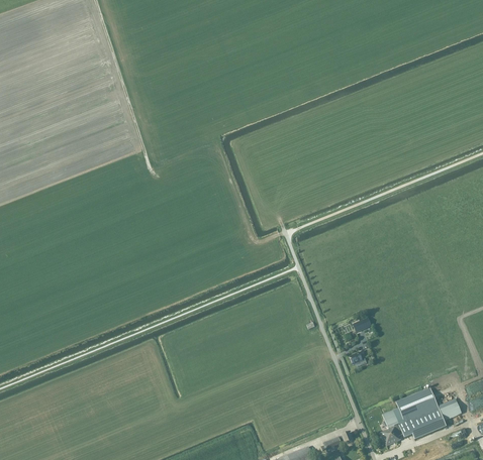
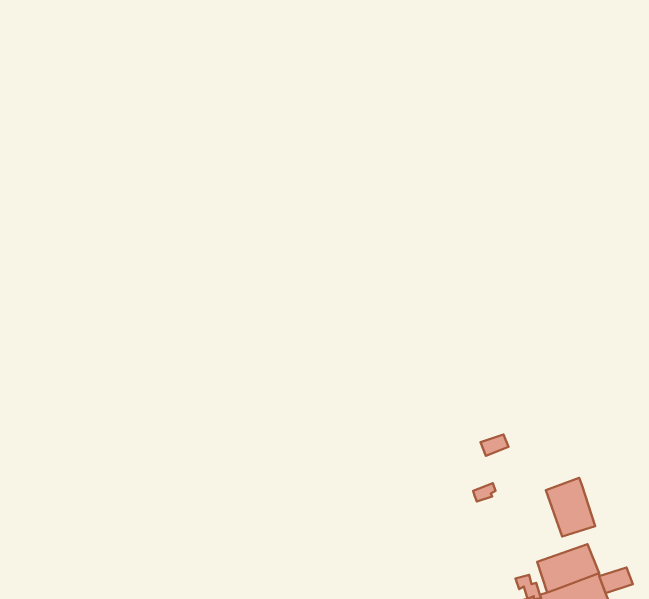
building: none -> [546,478,595,537]

